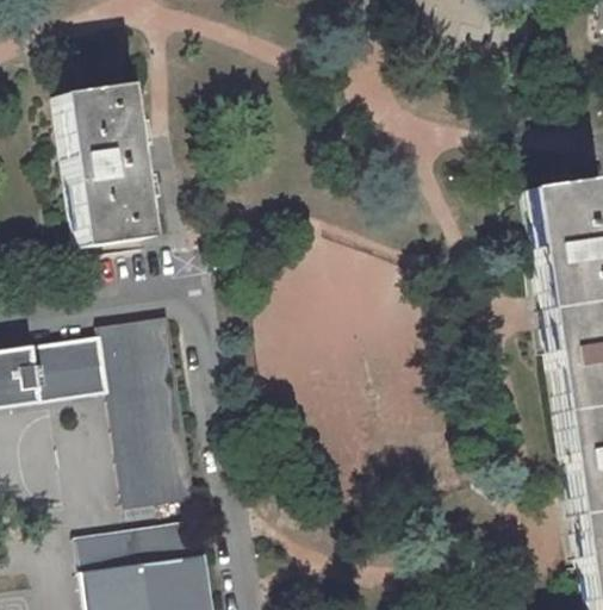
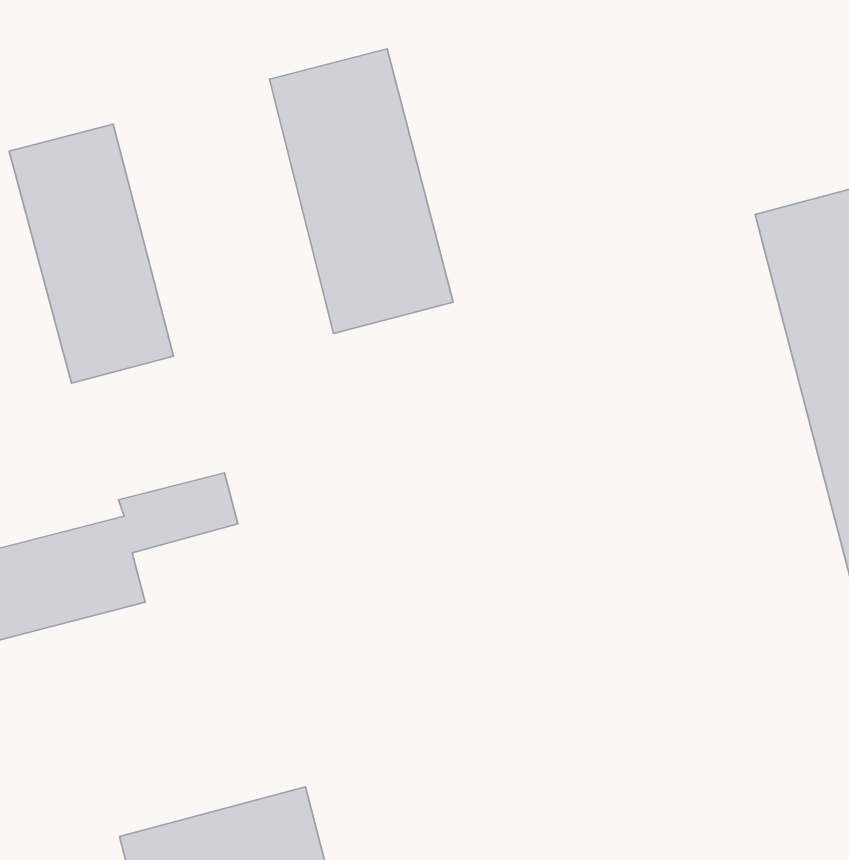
building: none -> [270,49,453,333]
building: [107,349,198,509] -> none

